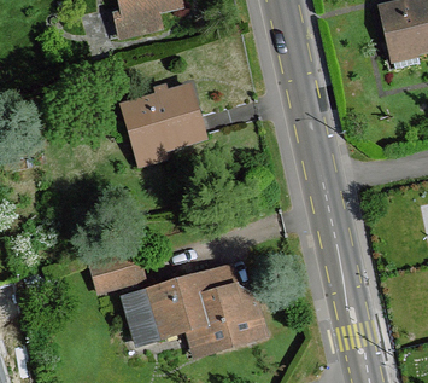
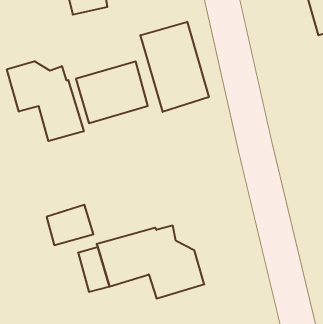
building: none -> [140,22,209,112]
building: none -> [7,61,84,141]

